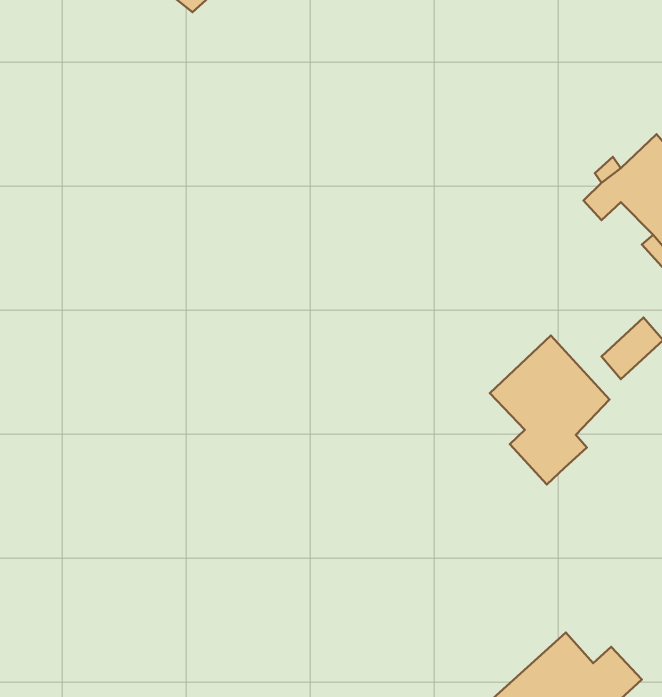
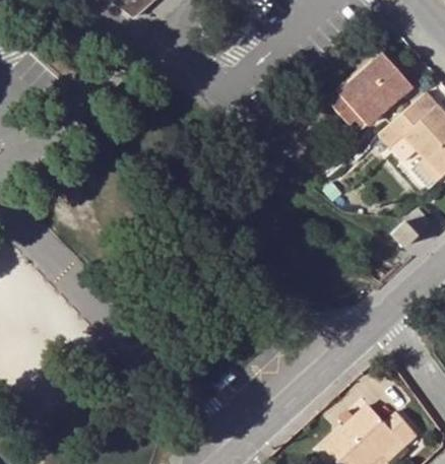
building: none -> [338,54,410,125]
building: [490,335,610,485] -> none

